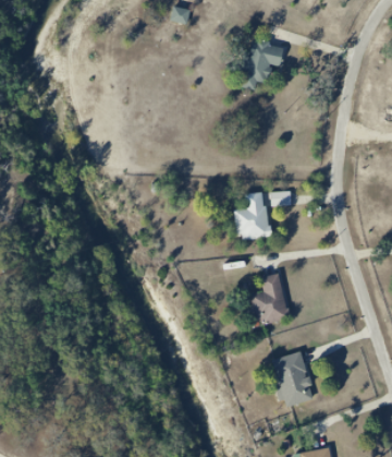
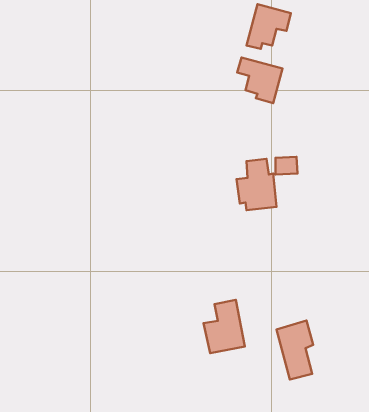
building: none -> [237,57,282,103]
building: [253,270,293,323] -> [204,300,245,353]

